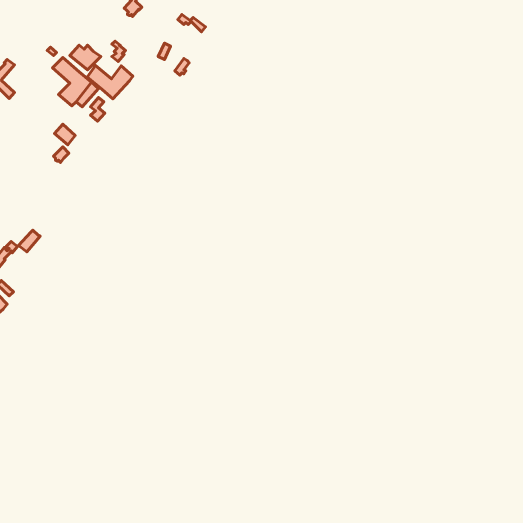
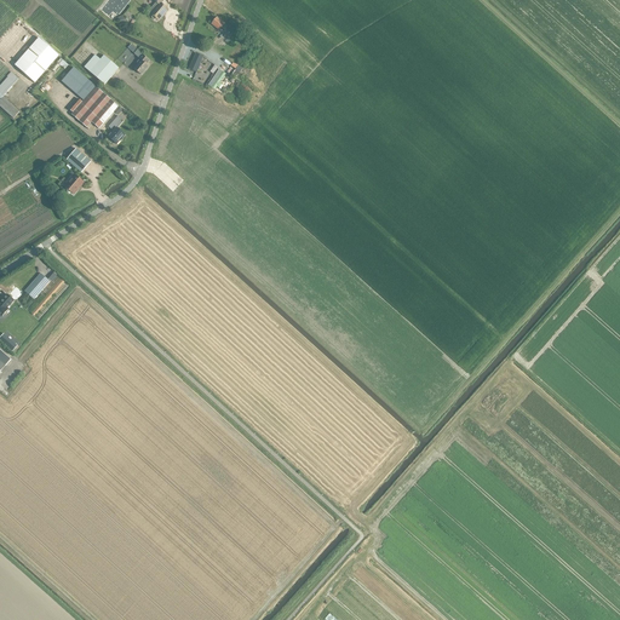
building: none -> [12,36,57,81]
building: [87,66,133,99] -> none

